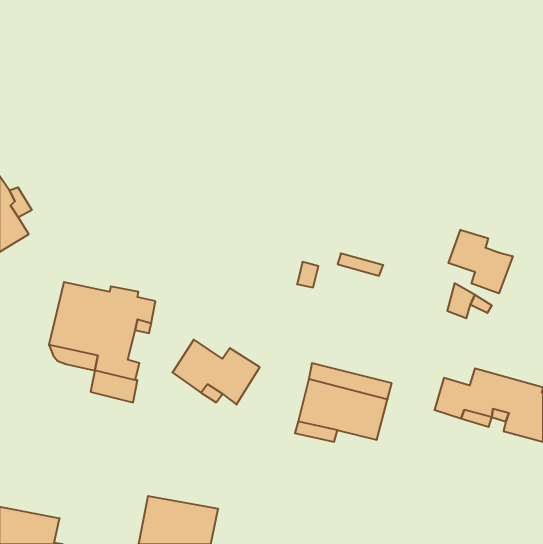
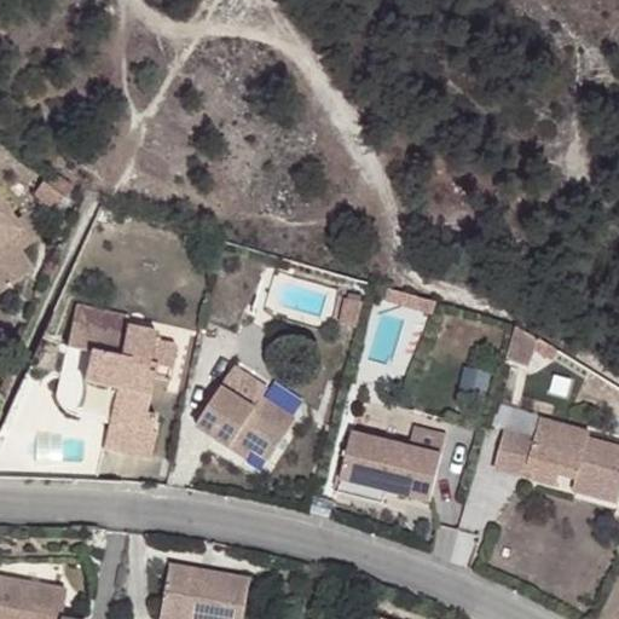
building: [448,230,513,293] -> none

